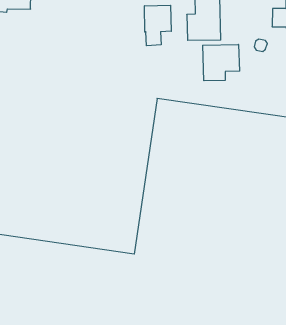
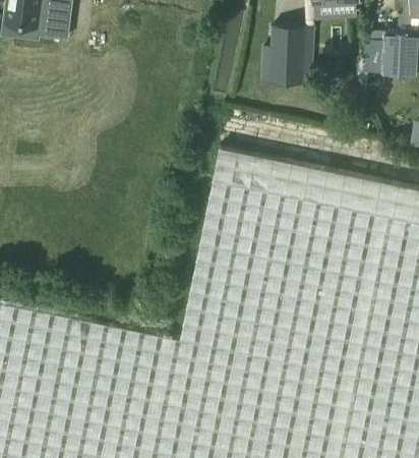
building: [145,5,171,46] -> none
building: [203,44,240,81] -> none

